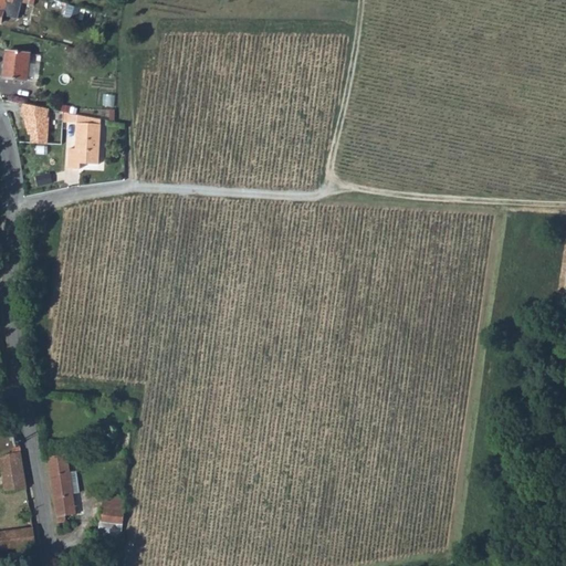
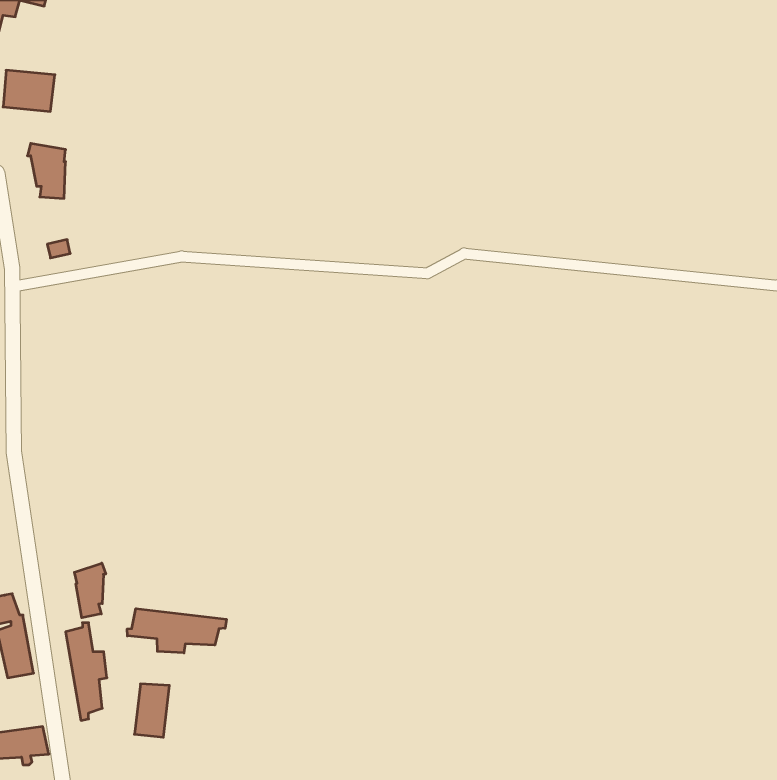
building: [67,115,99,169] -> none
building: none -> [74,563,106,618]
building: none -> [127,609,226,653]

